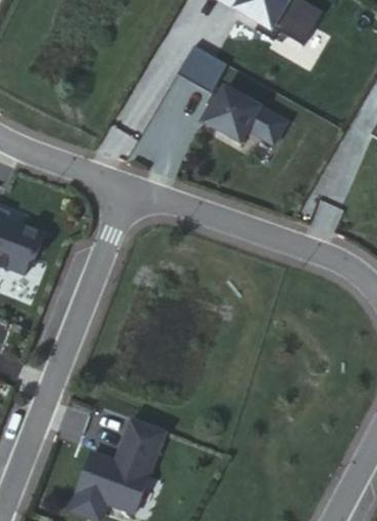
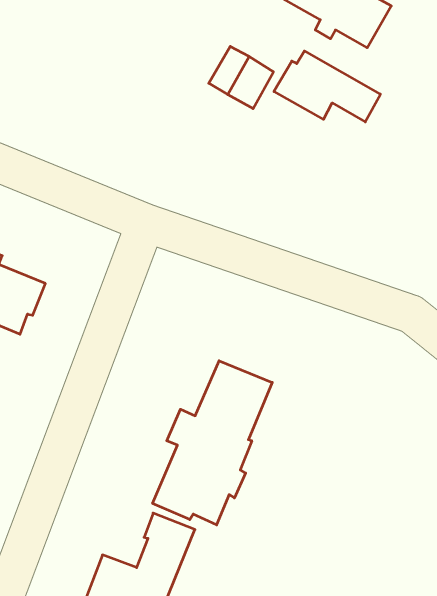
building: [201,88,286,144] -> [274,51,380,122]
building: none -> [153,361,272,525]

